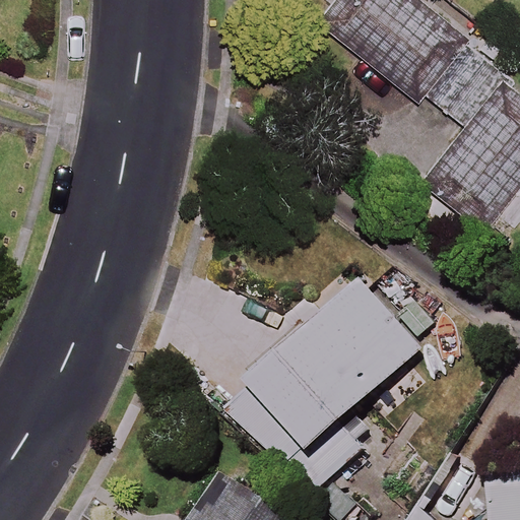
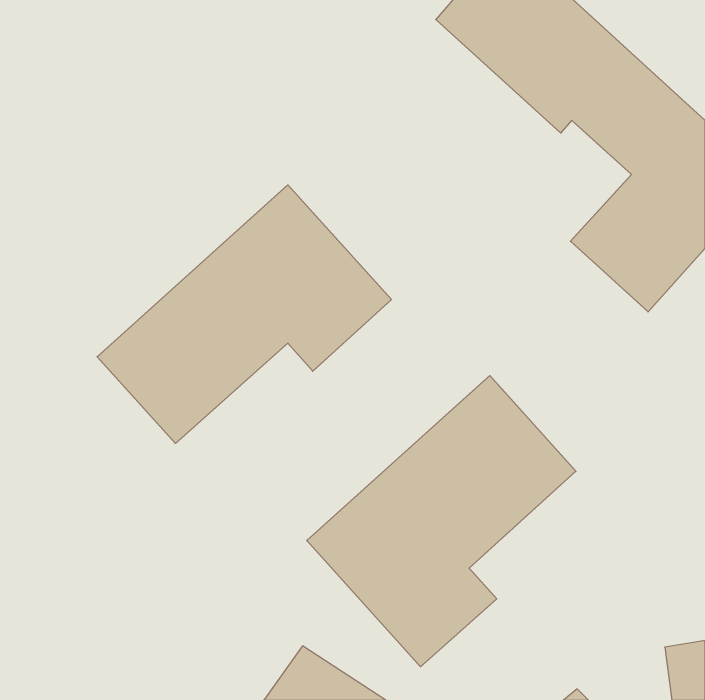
building: none -> [97,185,391,443]

